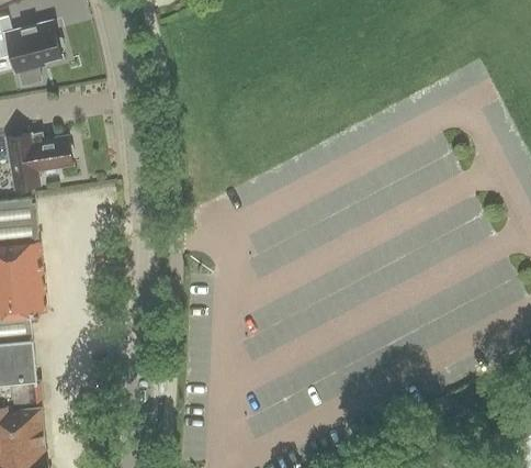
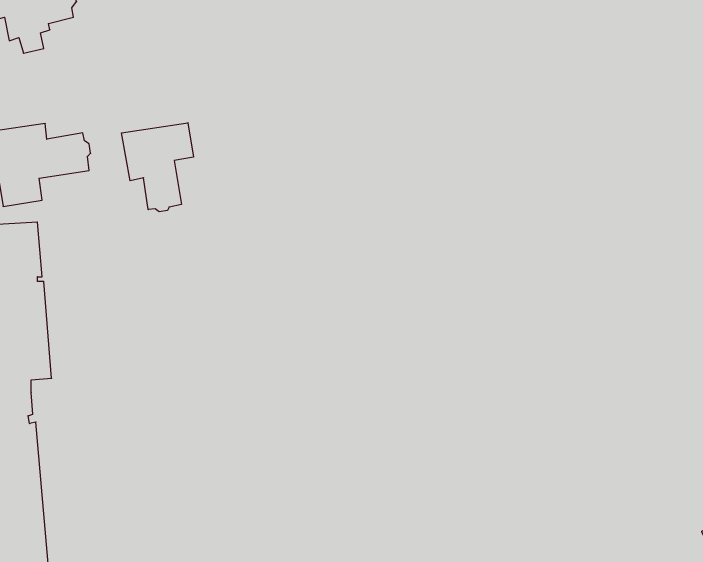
building: none -> [122,123,193,212]

